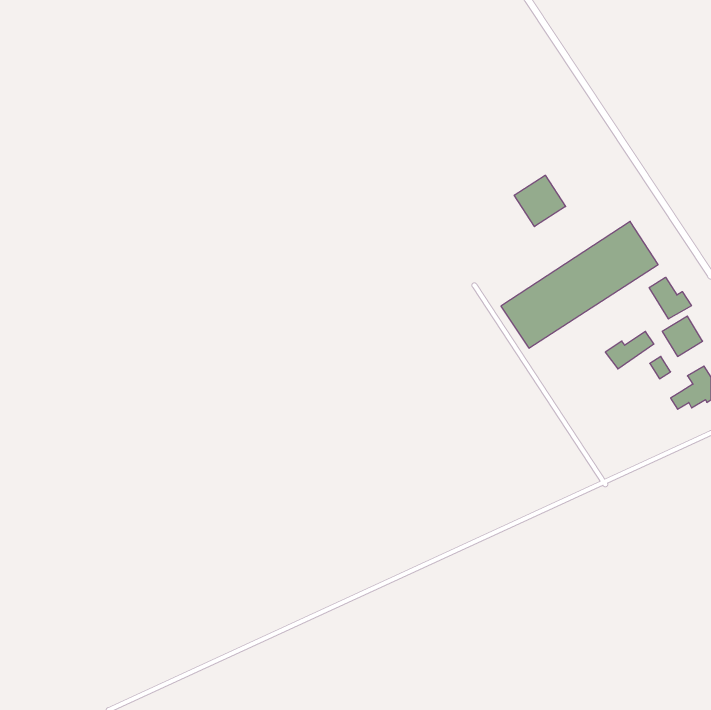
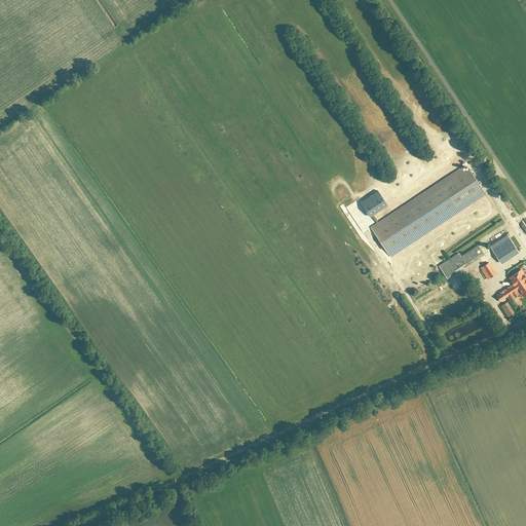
building: [514,175,566,227] -> none
building: [649,277,691,319] -> none

